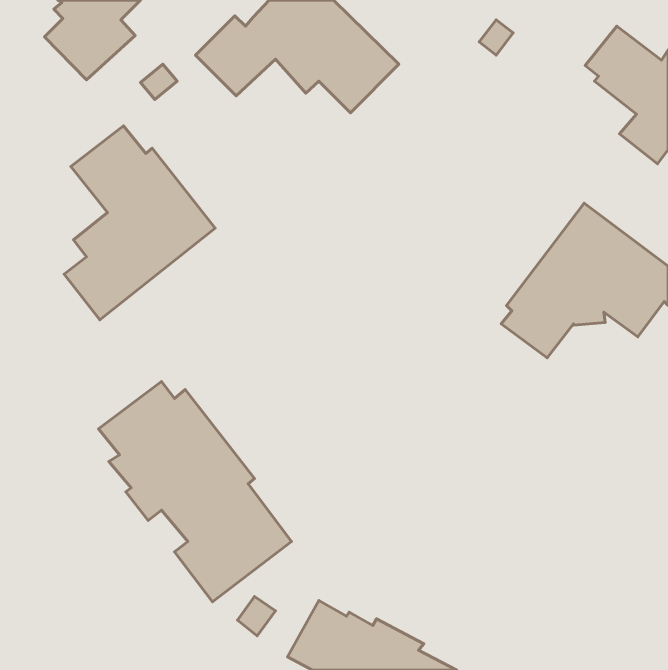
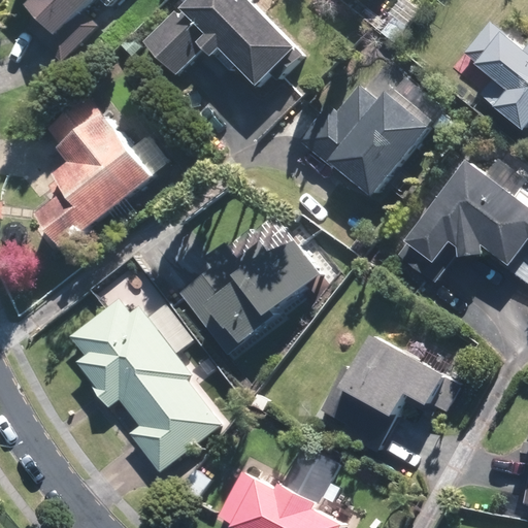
building: none -> [294,85,421,197]
building: none -> [173,239,312,355]
building: none -> [305,327,460,459]

